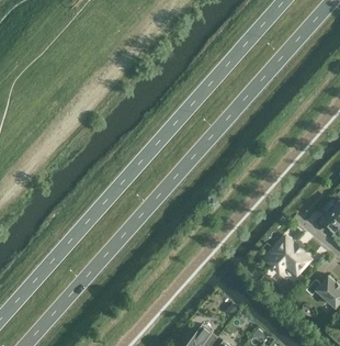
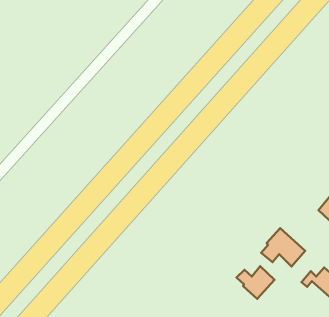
building: none -> [237,266,274,299]

